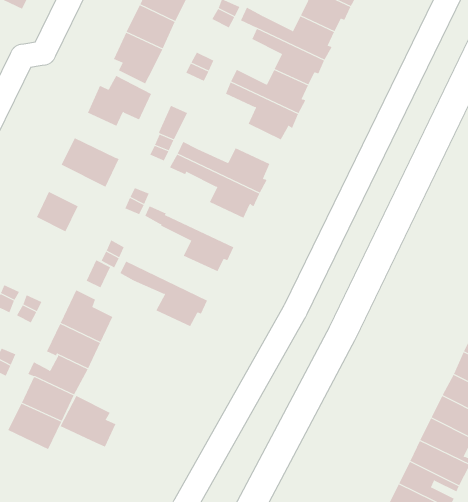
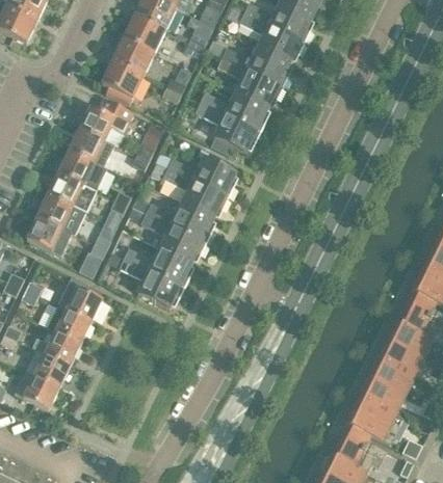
building: none -> [69,130,113,167]
building: none -> [47,173,95,214]
building: none -> [131,197,210,242]
building: none -> [26,217,61,252]
building: none -> [111,248,188,287]
building: [60,395,116,448] -> none

